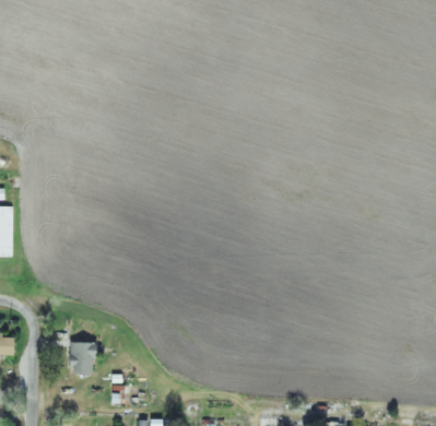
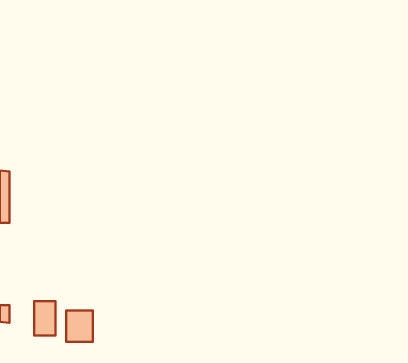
building: none -> [34,301,56,336]

